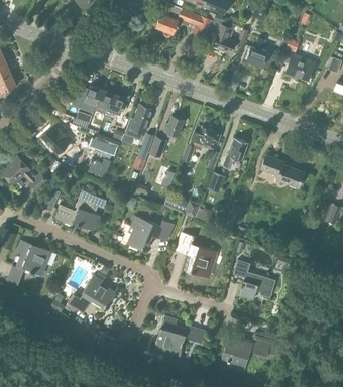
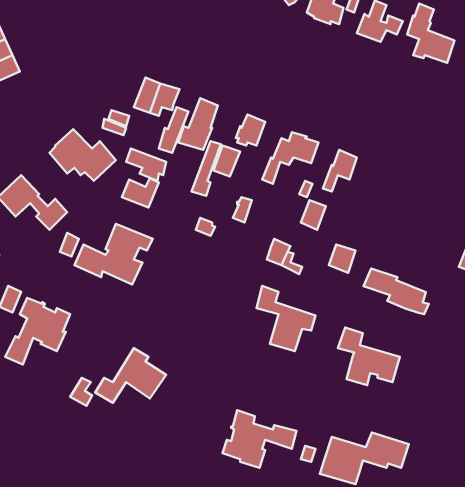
building: [75,86,102,113] -> none
building: [260,156,305,187] -> [364,268,429,314]
building: [127,216,174,250] -> none

